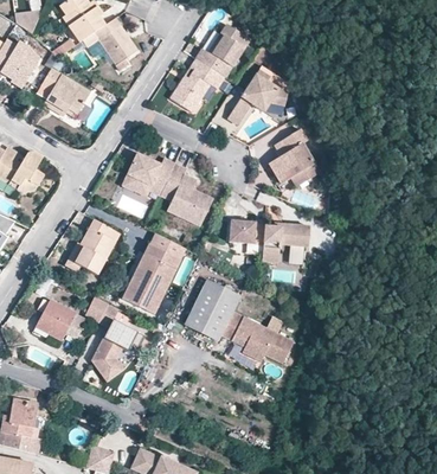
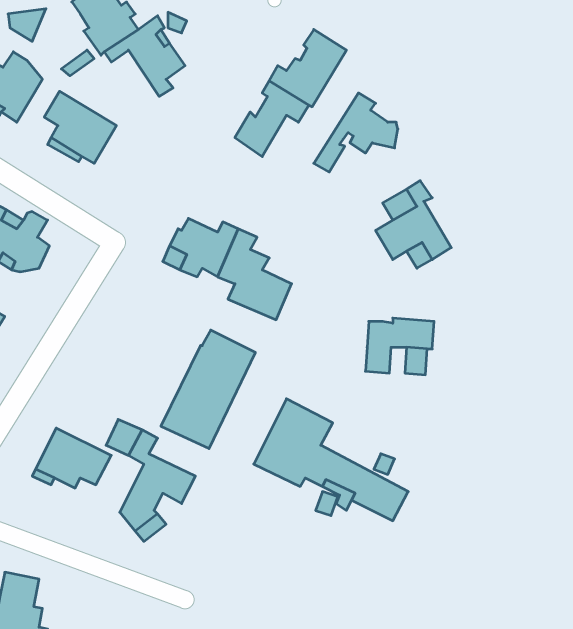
building: [64,218,120,274] -> none
building: [230,218,265,243] -> none

